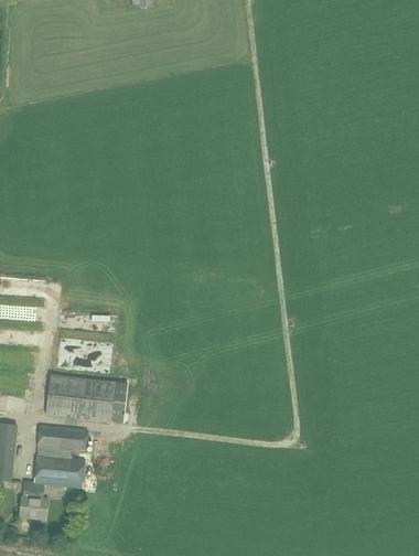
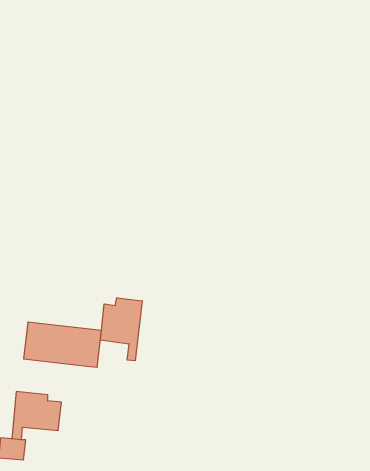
building: none -> [100,298,142,361]
building: [39,424,89,451] -> none

